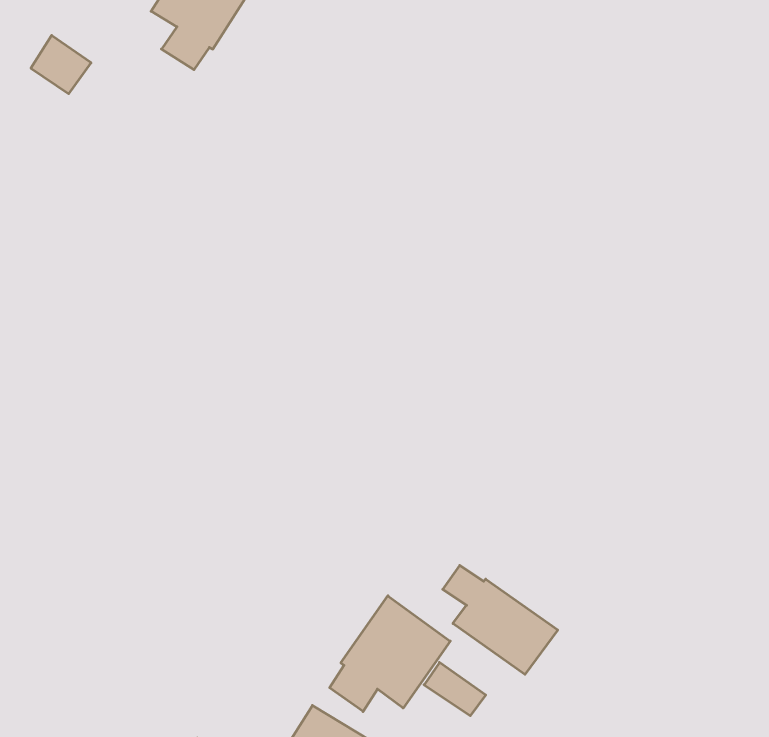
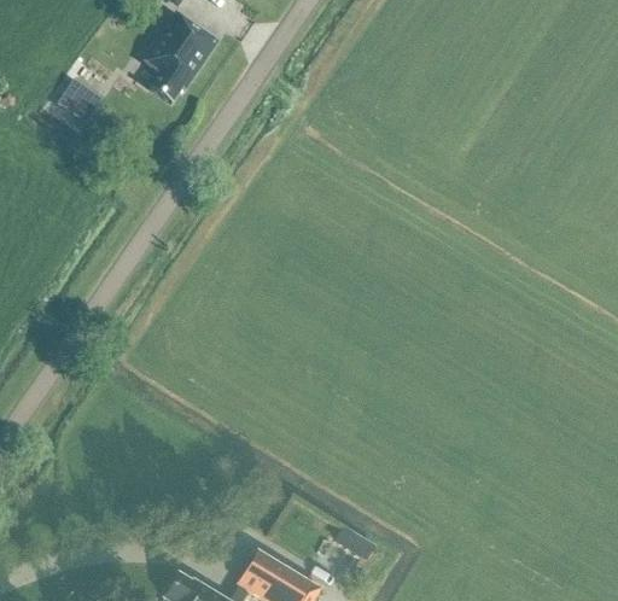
building: [443,565,558,674] -> none
building: [330,596,450,712] -> none

